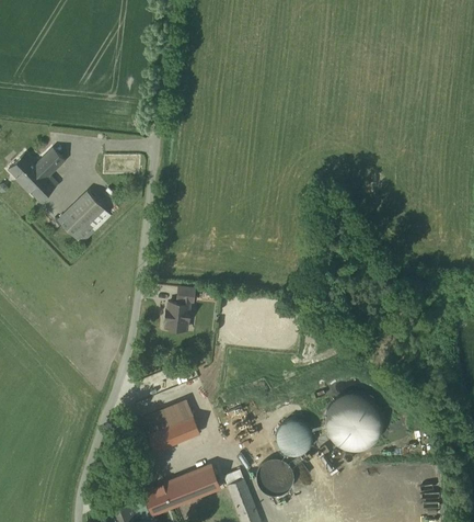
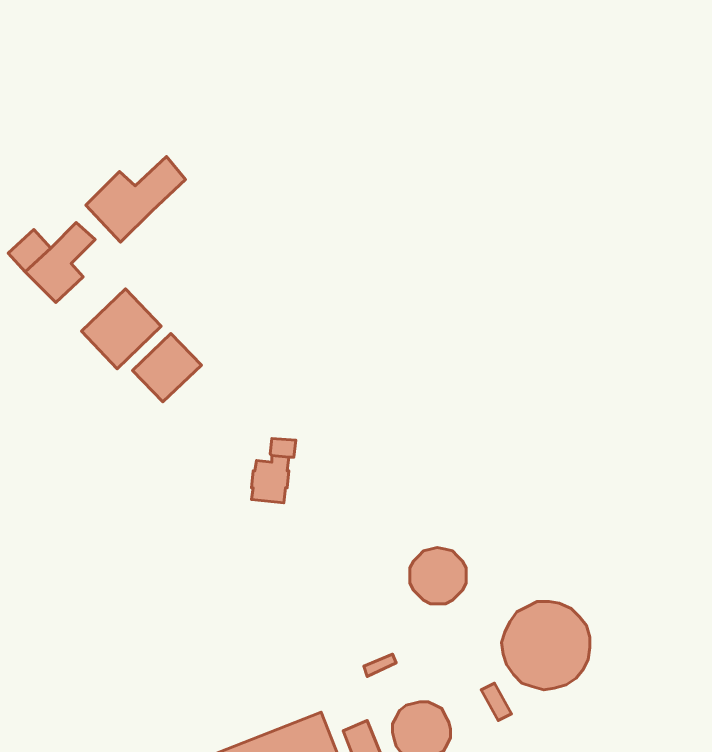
building: none -> [86,157,186,242]
building: none -> [132,334,201,402]
building: [141,400,199,451] -> none
building: [276,419,312,455] -> [410,548,466,604]

